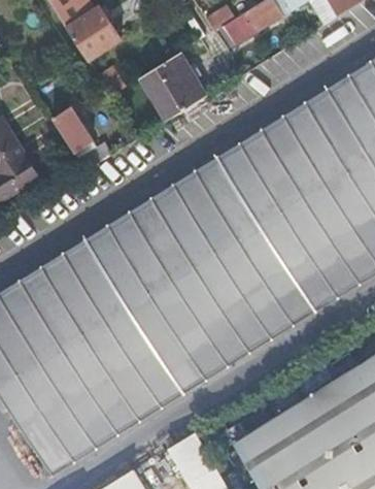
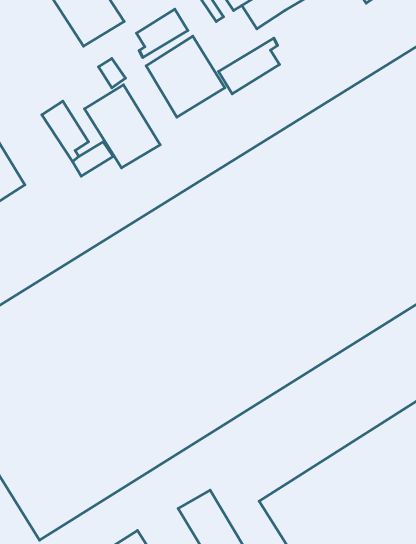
building: none -> [136,9,188,58]
building: none -> [219,38,279,94]
building: none -> [84,85,160,168]

